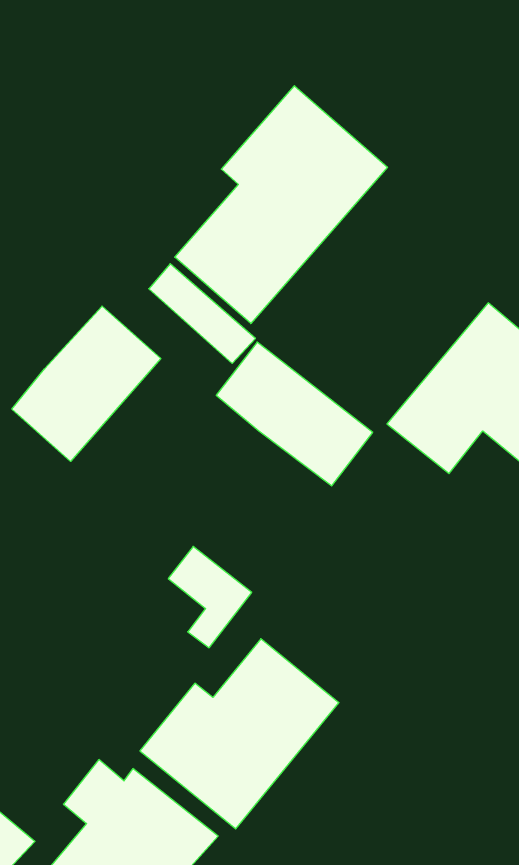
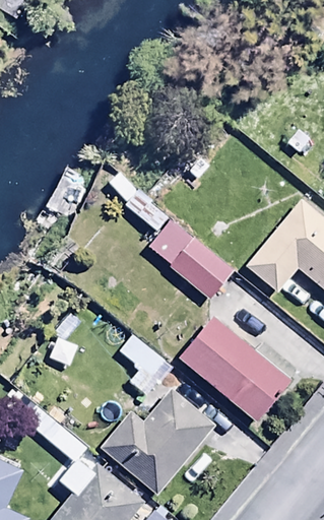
building: [175,86,387,324] -> none
building: [12,306,161,461] -> none
building: none -> [176,314,290,422]

